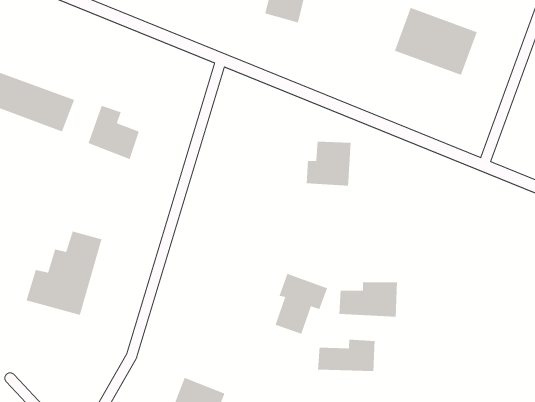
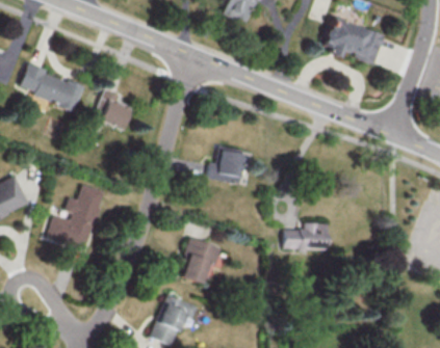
building: [306,141,351,186] -> [209,148,243,182]
building: [274,273,328,335] -> [182,237,223,284]
building: [317,339,375,372] -> none

